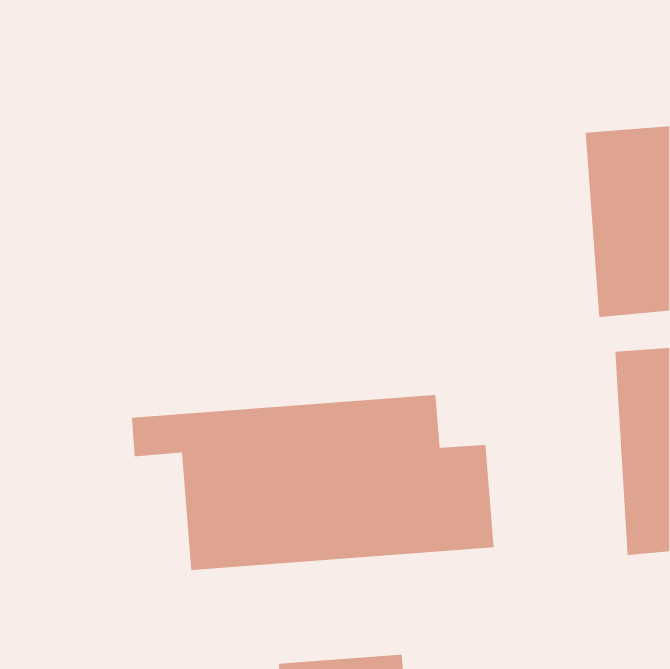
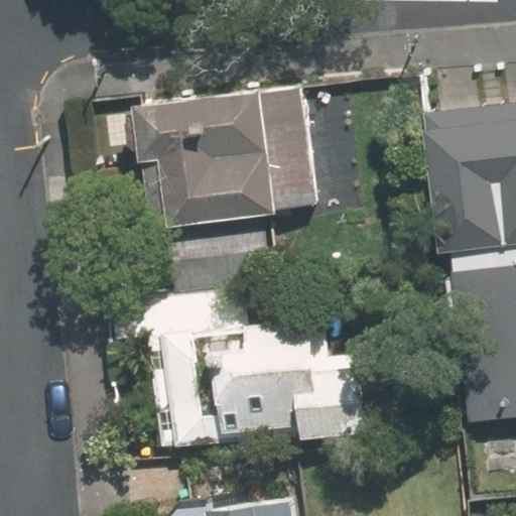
building: none -> [148,91,311,224]

